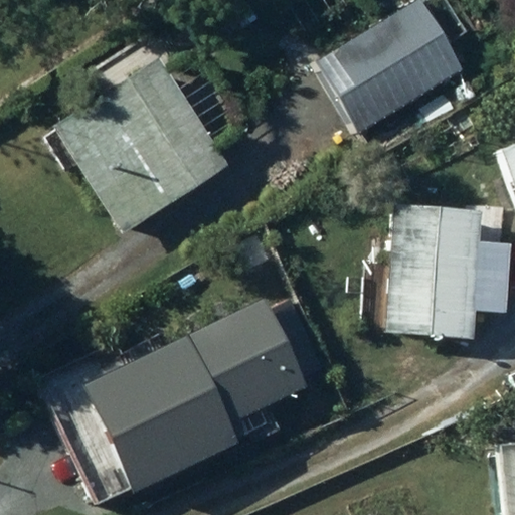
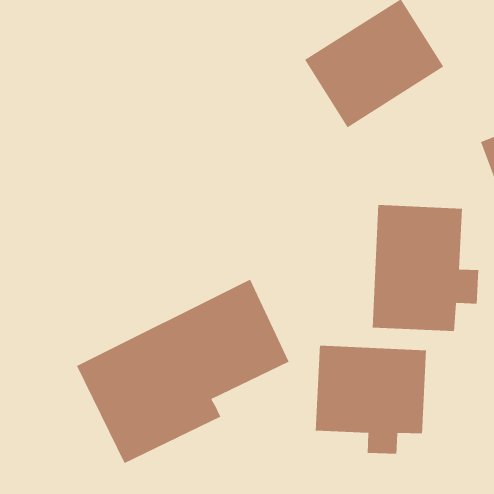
building: [57,63,228,235] -> none
building: none -> [315,345,427,454]

